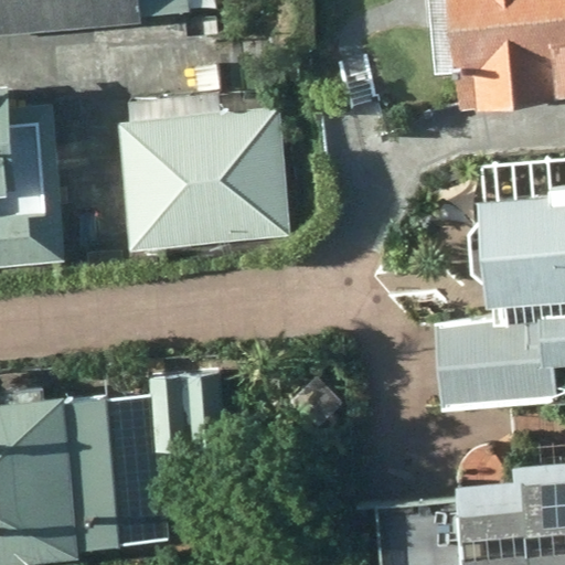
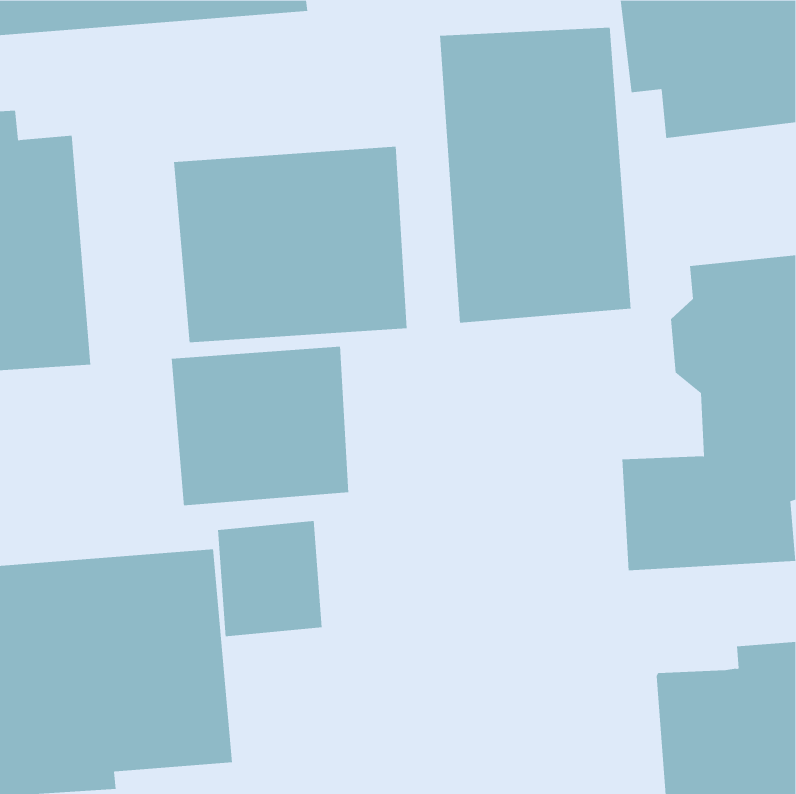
building: none -> [439,27,631,323]
building: none -> [171,346,349,506]

